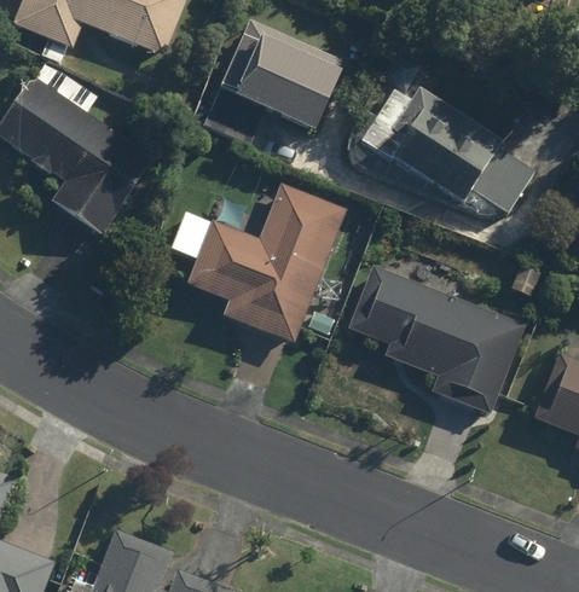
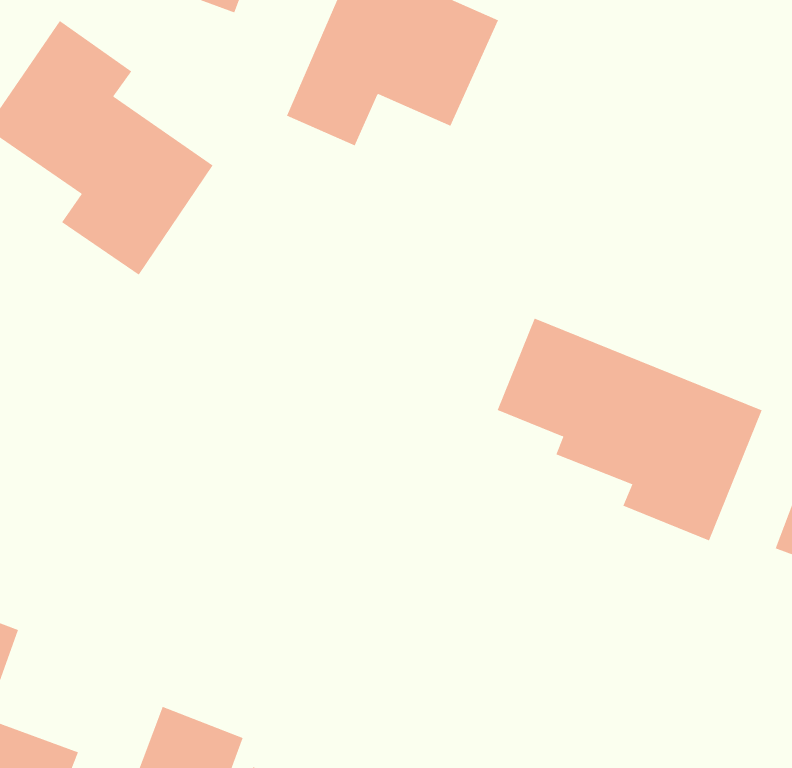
building: [360,76,535,214] -> none
building: [187,186,343,343] -> none

